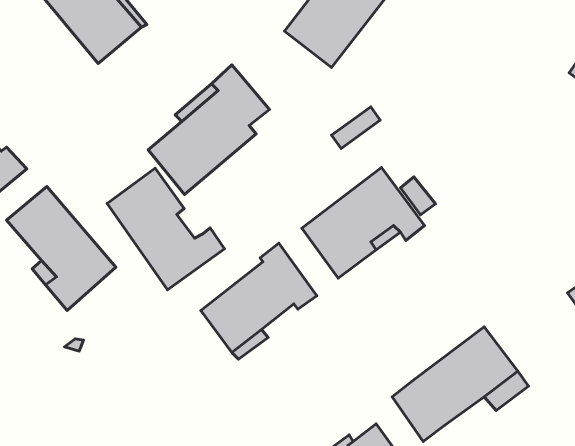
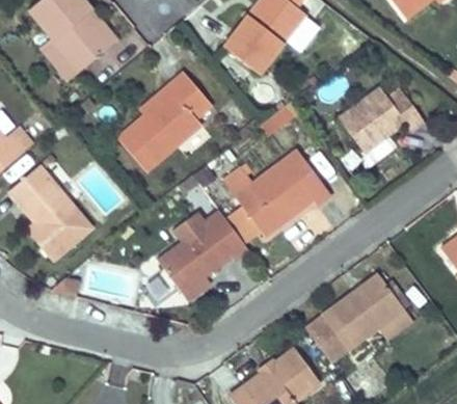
building: none -> [340,87,423,171]
building: [107,168,224,290] -> none

